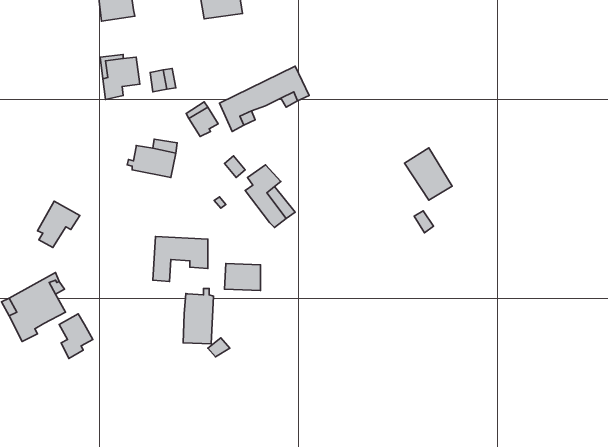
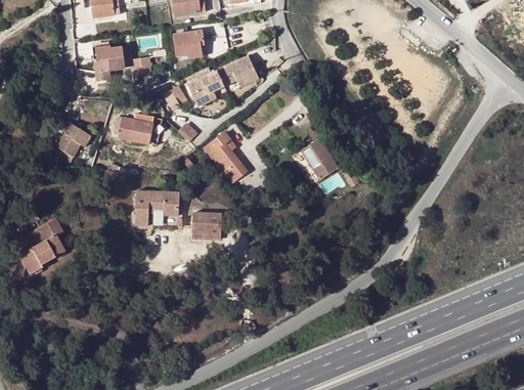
building: none -> [173,31,205,56]
building: [405,148,452,200] -> [300,138,338,180]
building: [38,201,80,247] -> [57,124,91,161]
building: [183,289,213,344] -> none
building: [59,314,93,359] -> none

